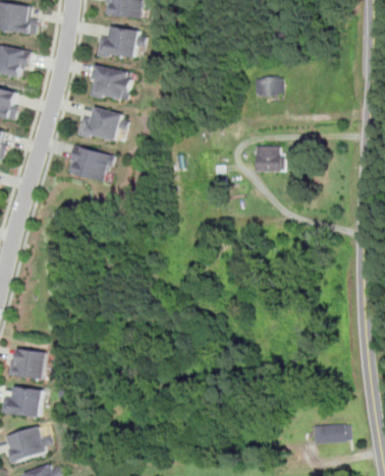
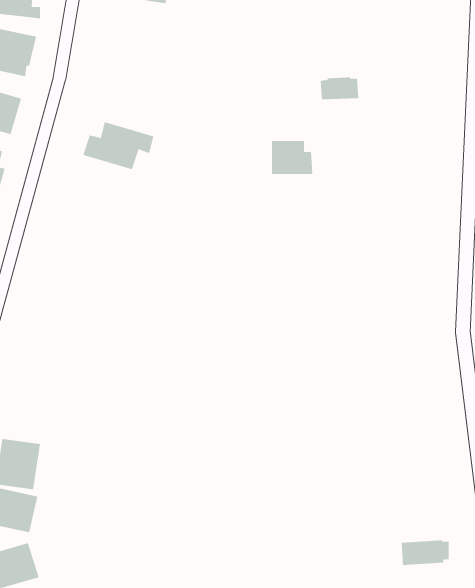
building: [90,28,142,61] -> none
building: [81,68,124,103] -> none
building: [249,145,280,171] -> [271,141,313,174]
building: [62,150,108,186] -> none

